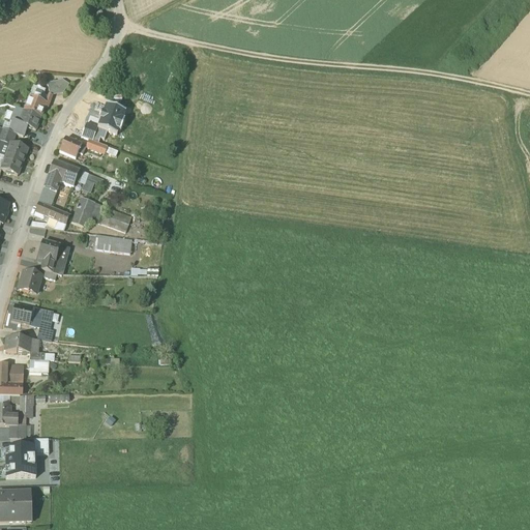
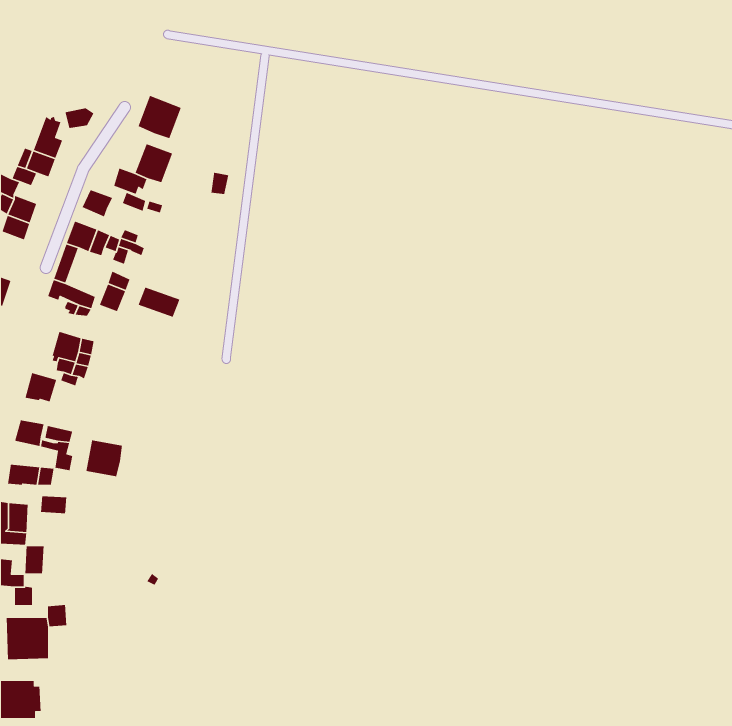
building: none -> [137,95,182,139]
building: [94,234,131,253] -> none
building: none -> [86,439,123,477]

